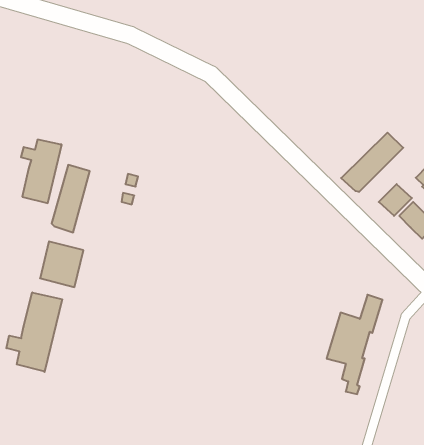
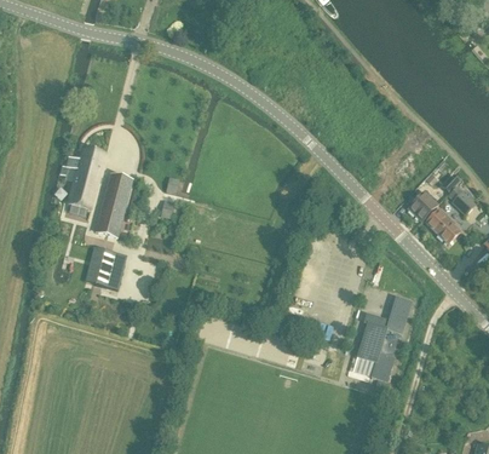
building: [341,133,403,192] -> none
building: [6,292,62,372] -> none

